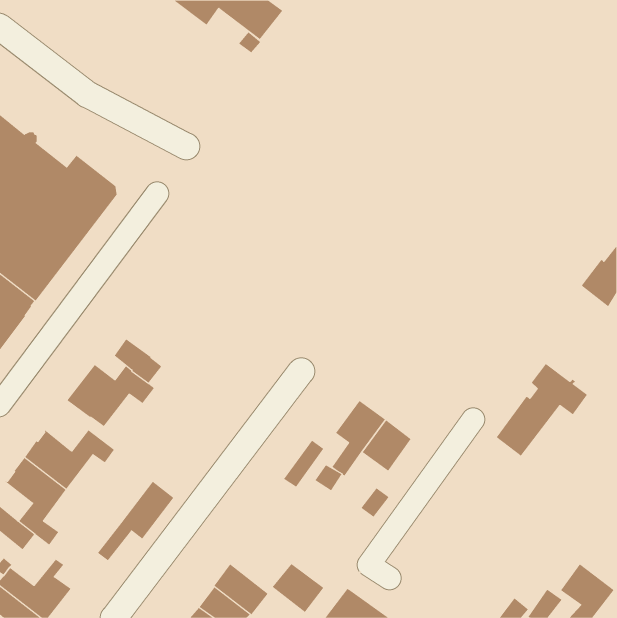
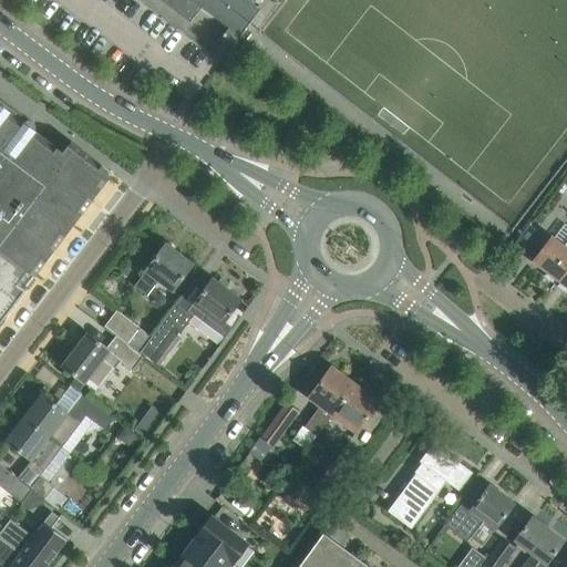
building: none -> [133,244,192,295]
building: none -> [140,278,239,369]
building: [496,363,588,456] -> [386,443,471,528]
building: [97,481,174,561] -> none
building: none -> [453,485,513,542]
building: [272,563,324,613] -> none

